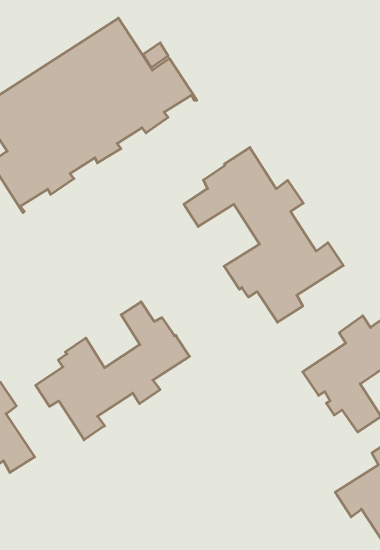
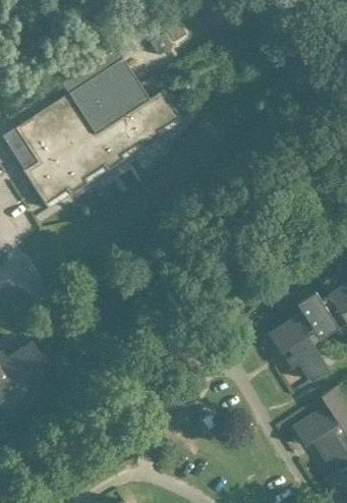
building: [184,147,343,322] -> none
building: [36,302,190,440] -> none

